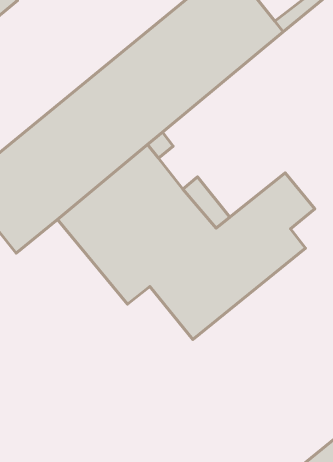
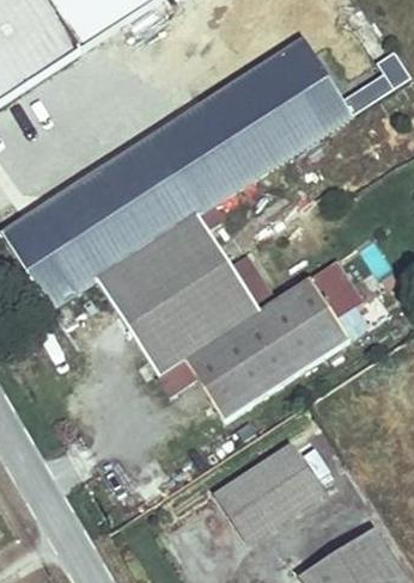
building: none -> [214,443,323,542]

